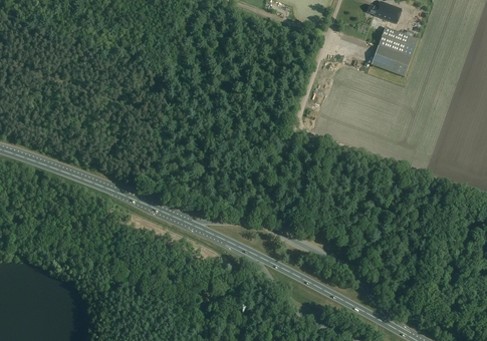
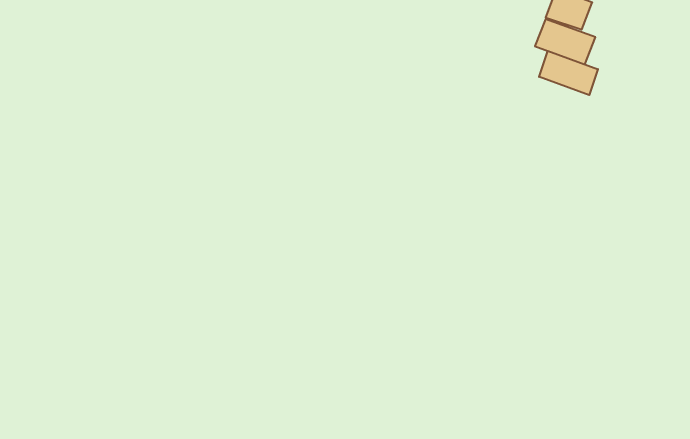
building: none -> [539,51,598,95]

